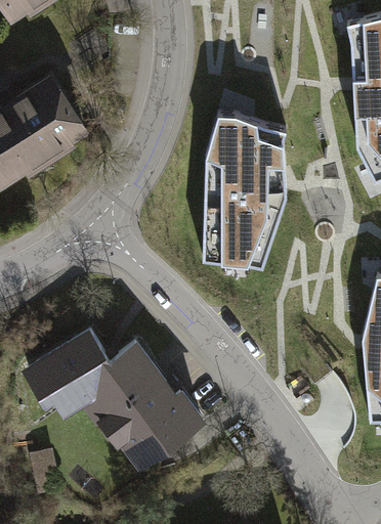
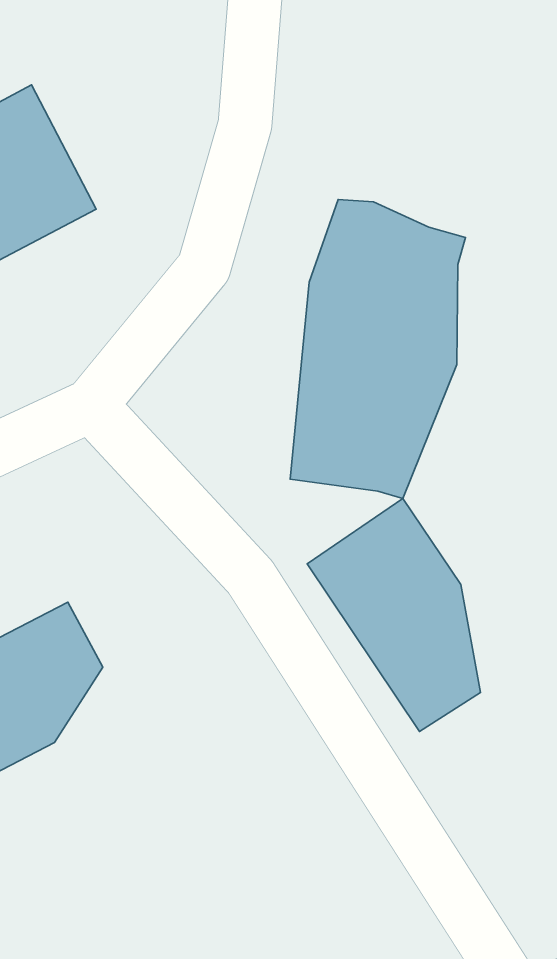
building: none -> [307,499,480,731]
building: [88,346,208,476] -> none

